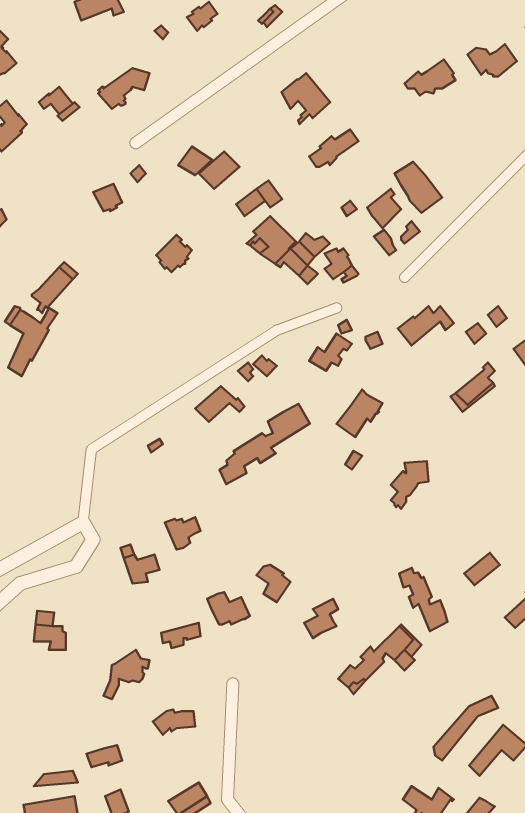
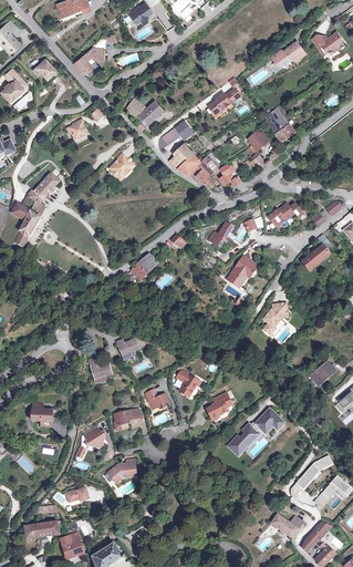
building: [281,73,330,124] -> none
building: [220,404,310,484] -> none
building: [399,568,448,631] -> none

